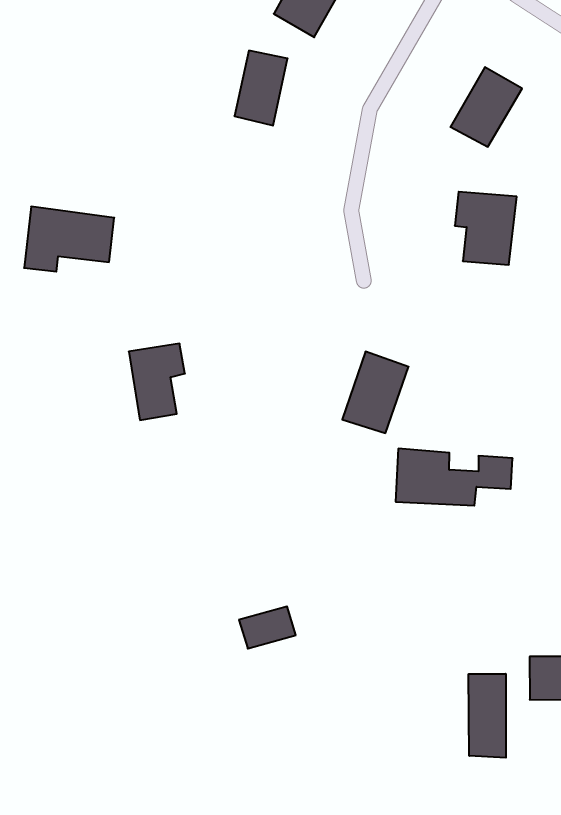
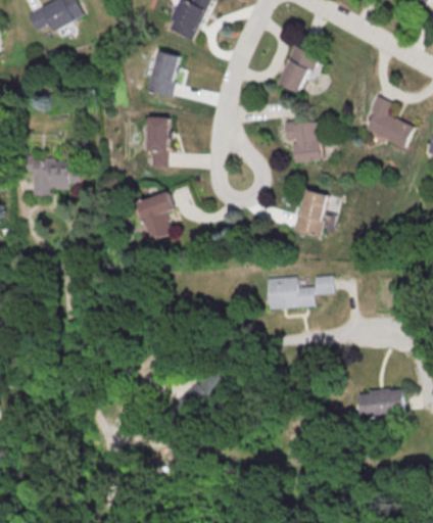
building: none -> [146,116,166,167]
building: [129,344,185,420] -> [140,192,175,240]
building: [342,352,409,433] -> [295,189,331,236]
building: [469,674,506,758] -> none

